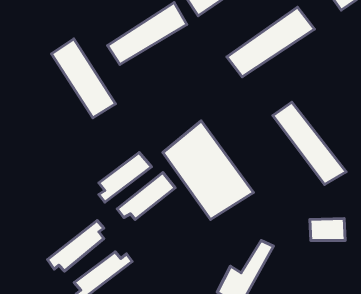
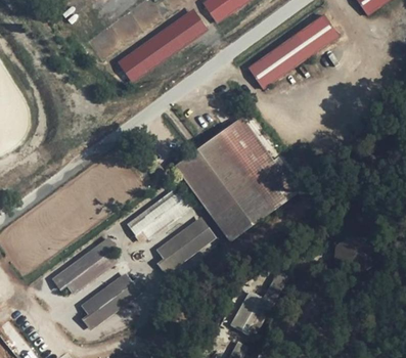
building: [51,39,116,118] -> none
building: [273,102,346,184] -> [220,120,299,208]
building: [99,152,151,202] -> [157,221,214,274]

